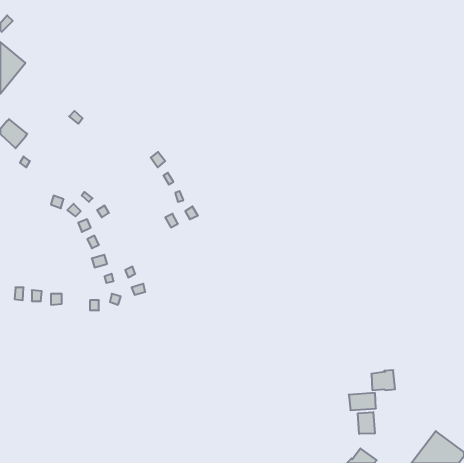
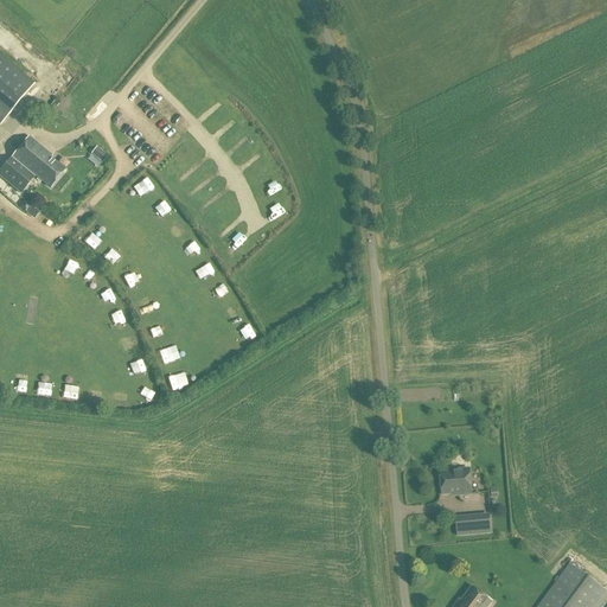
building: none -> [12,135,64,186]
building: [371,370,395,390] -> [440,467,471,493]
building: [358,412,375,434] -> none

